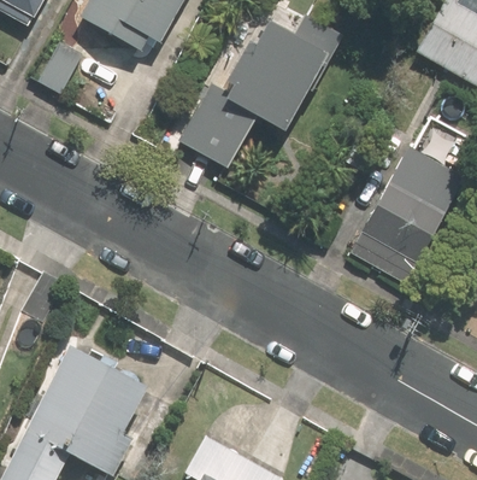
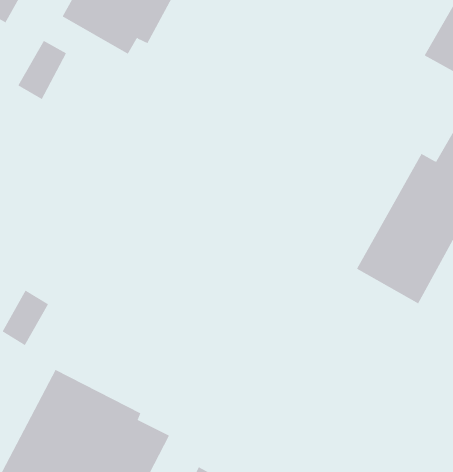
building: [178,13,343,168] -> none

